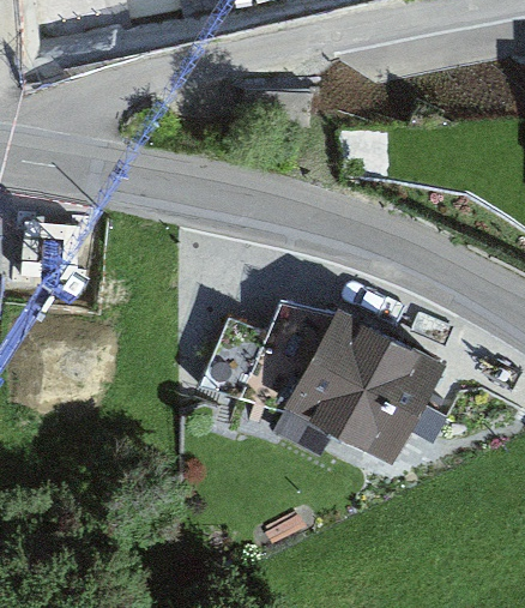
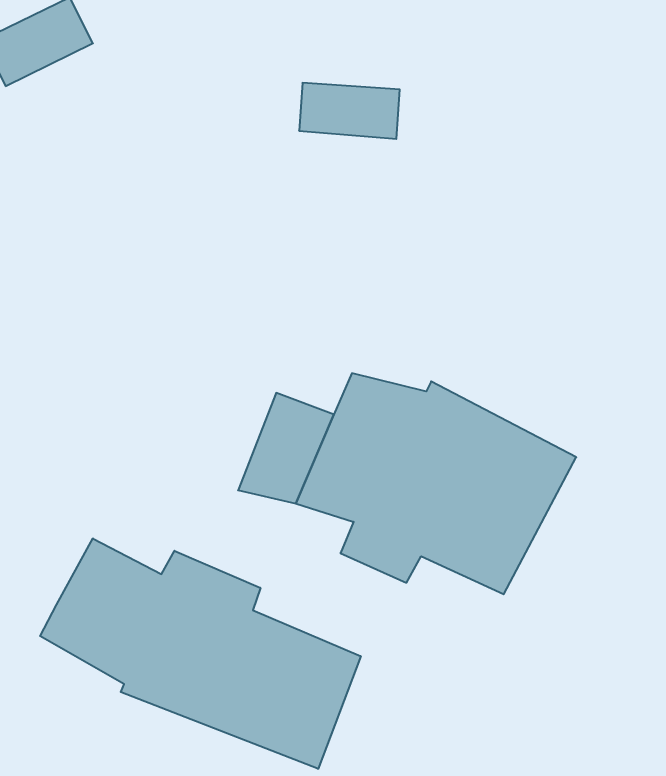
building: none -> [40,538,361,769]

